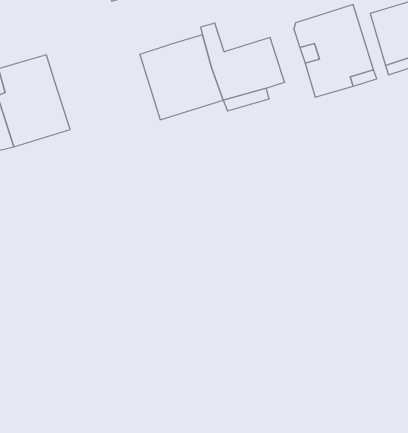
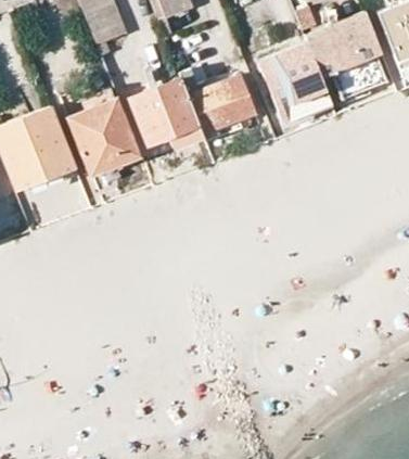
building: none -> [61,88,138,173]

